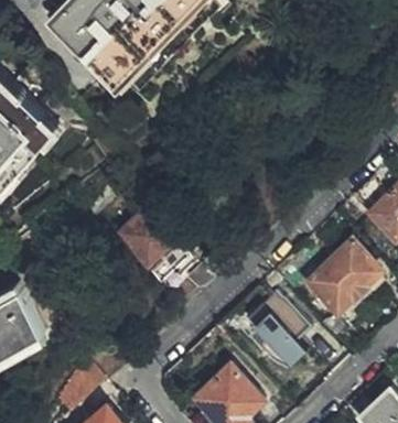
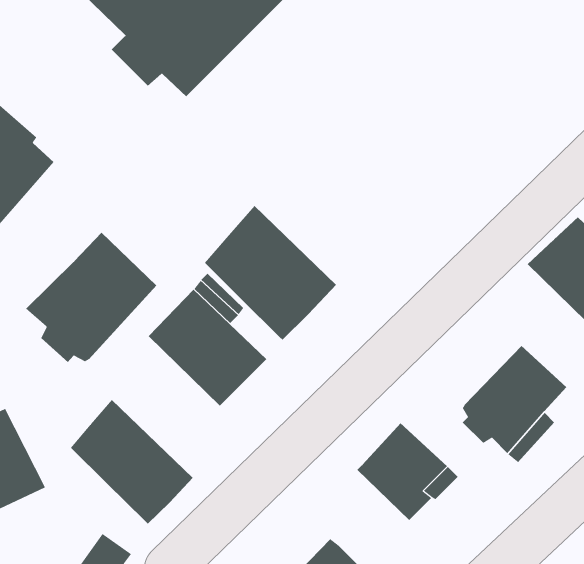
building: none -> [204,205,337,341]
building: none -> [25,232,157,363]
building: none -> [70,399,194,525]

